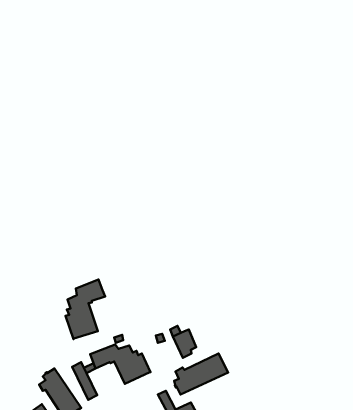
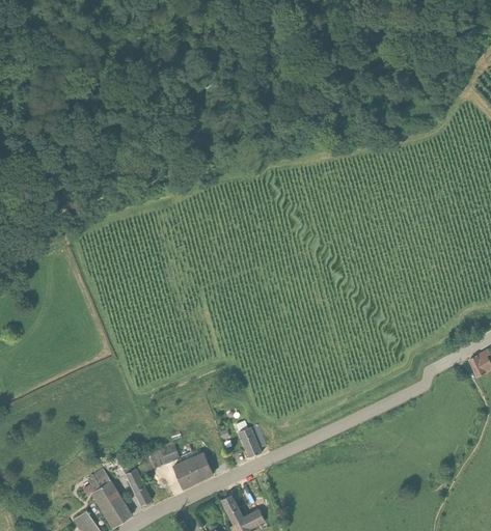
building: [66,280,105,339] -> none
building: [174,354,228,395] -> none

